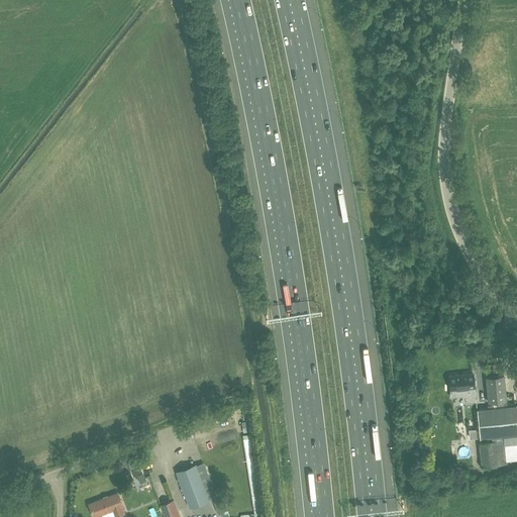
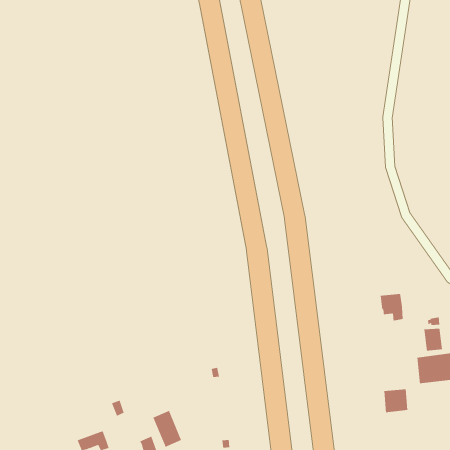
building: [449,374,477,405] -> [380,294,404,321]
building: [480,440,508,468] -> [384,389,408,413]

